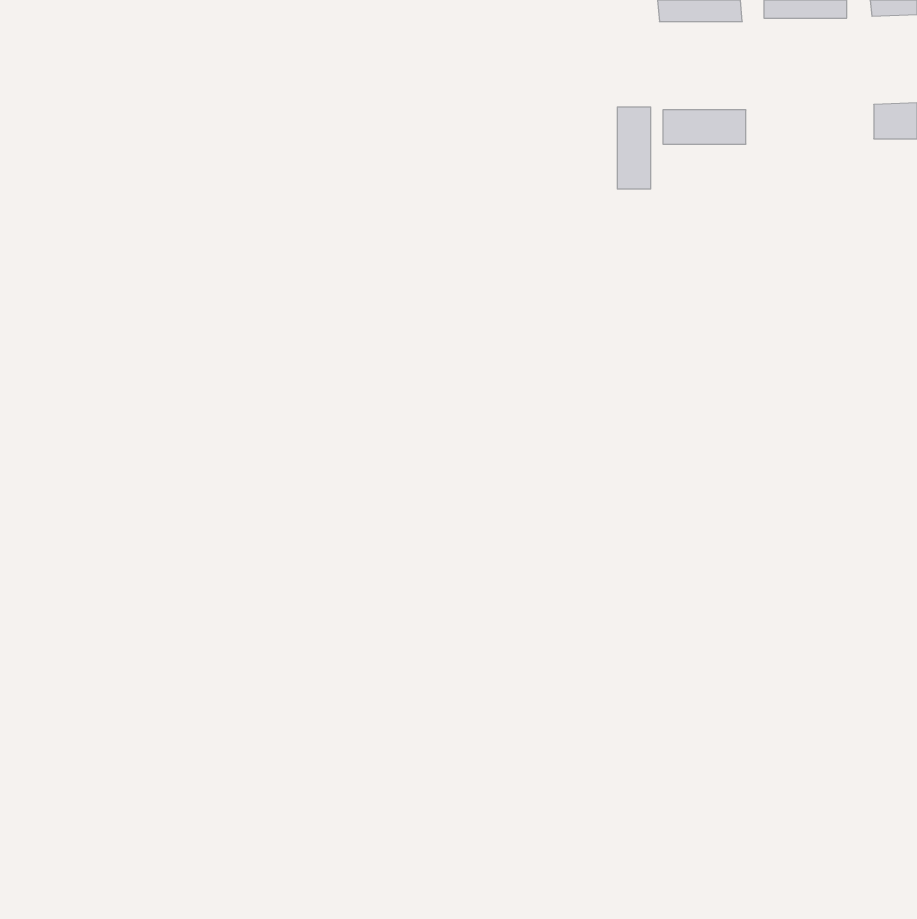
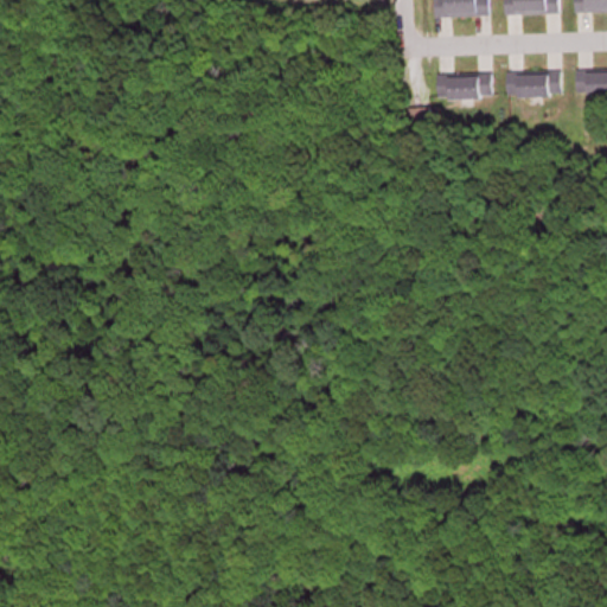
building: none -> [505,71,561,95]
building: [617,107,651,189] -> none

